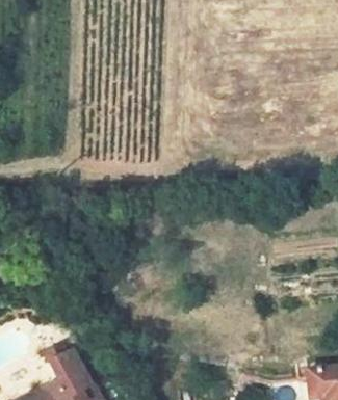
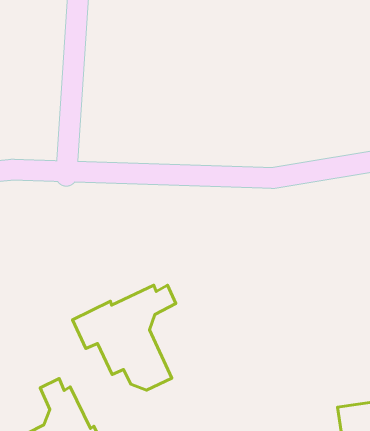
building: none -> [72,285,176,390]

